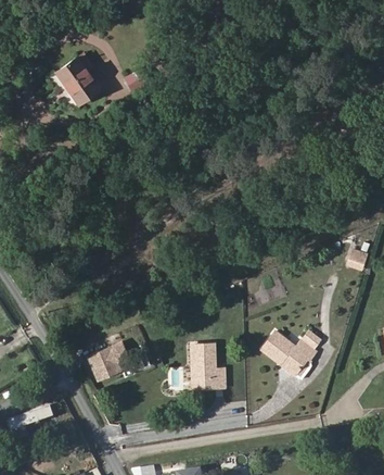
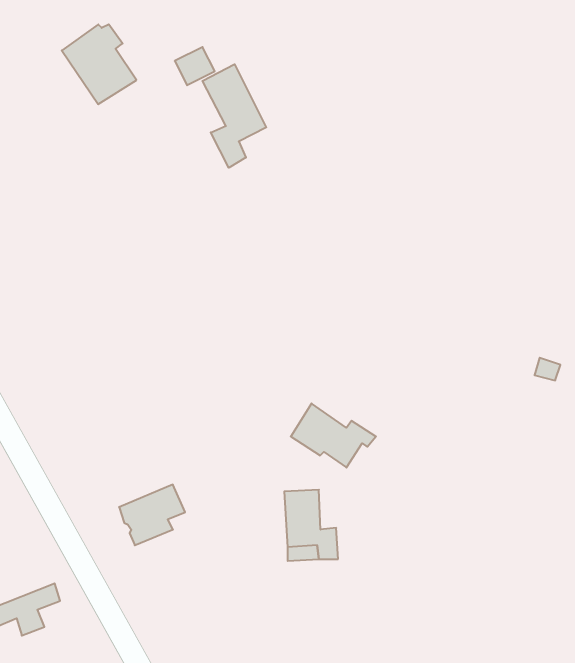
building: none -> [202,64,266,168]
building: [261,333,315,373] -> [291,403,376,468]

